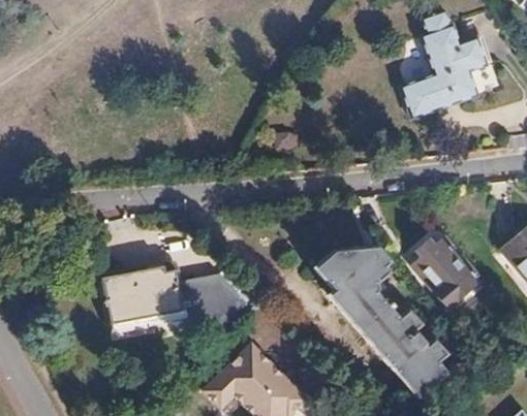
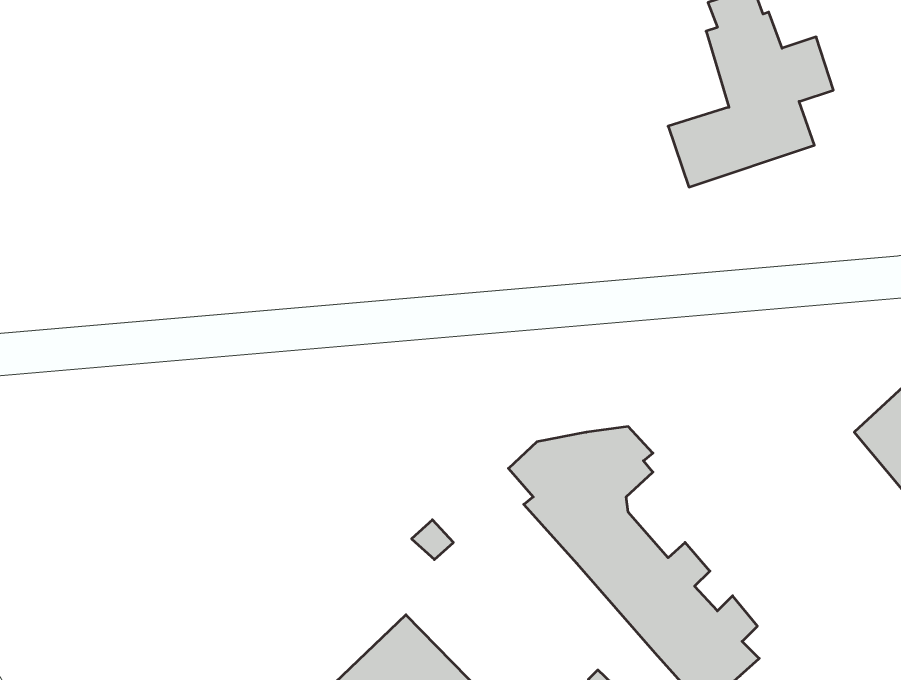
building: [412,237,482,309] -> none
building: [104,265,242,328] -> none

